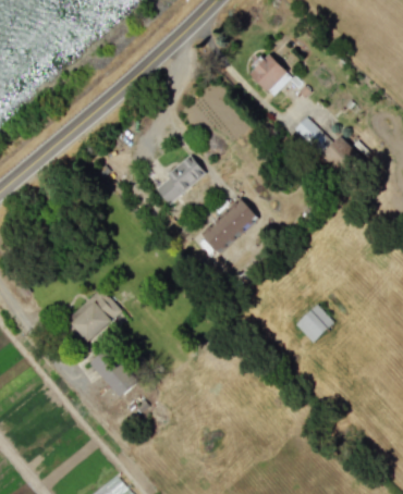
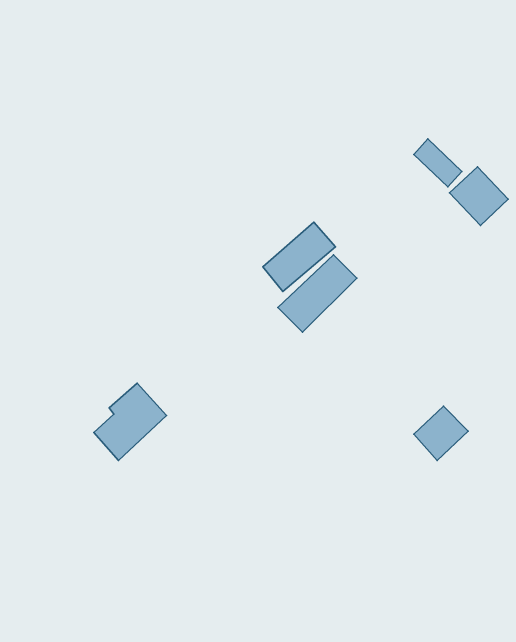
building: [249,54,292,97] -> none
building: [155,156,206,205] -> [263,222,335,292]
building: [89,347,137,397] -> none

